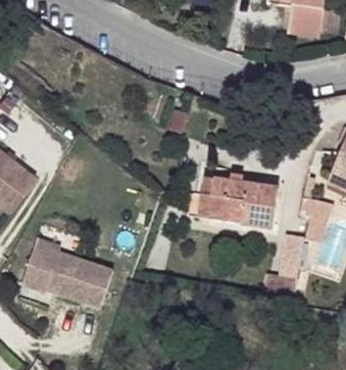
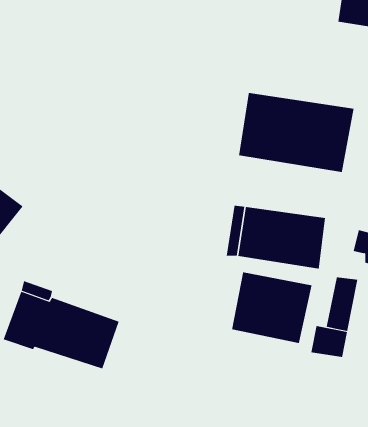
building: none -> [239,92,354,173]
building: none -> [232,272,312,344]

